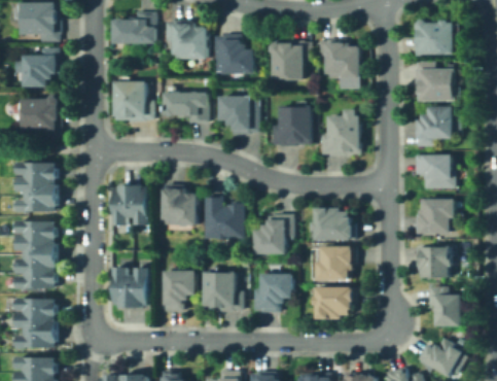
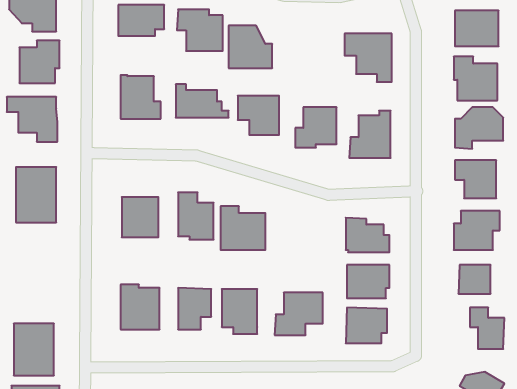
building: [271,43,309,84] -> none
building: [255,214,294,255] -> none
building: [19,221,56,287] -> none

